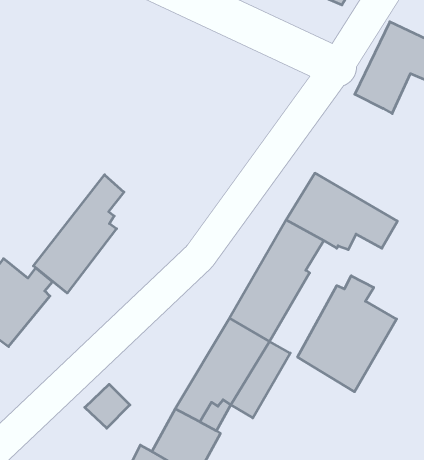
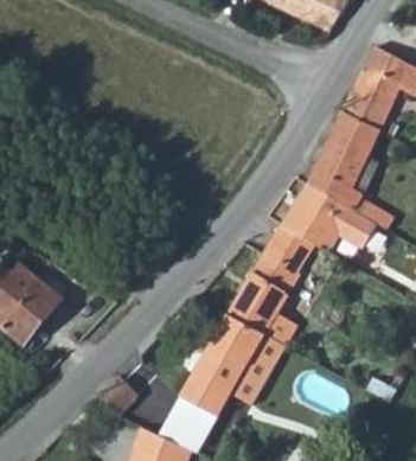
building: none -> [308,111,395,231]
building: [33,175,124,293] -> none
building: [298,276,397,392] -> none

